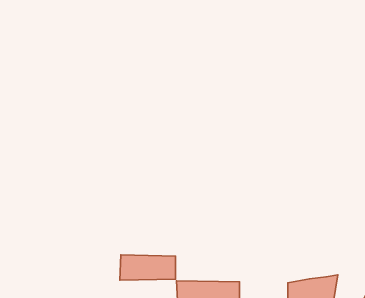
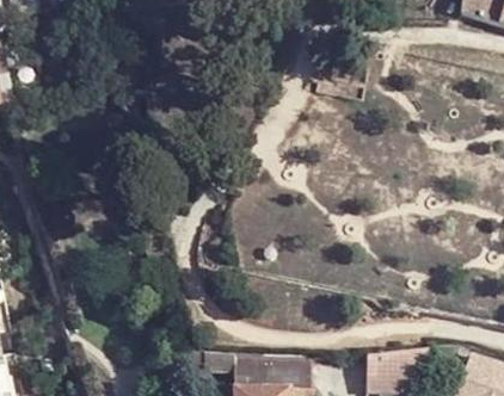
building: [120,255,175,280] -> none

